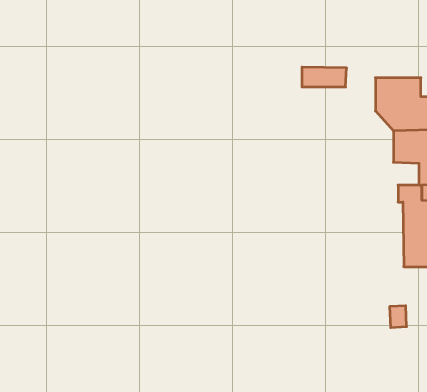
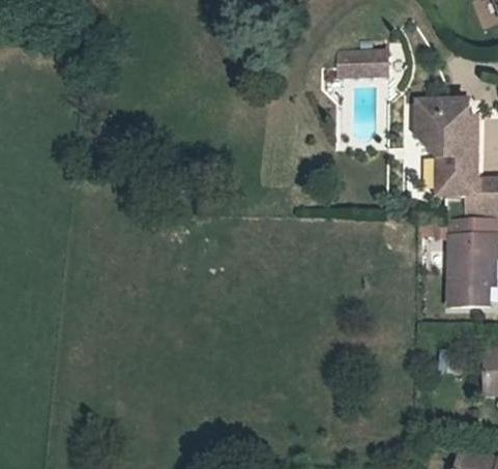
building: [302,67,347,87] -> [338,52,386,74]

